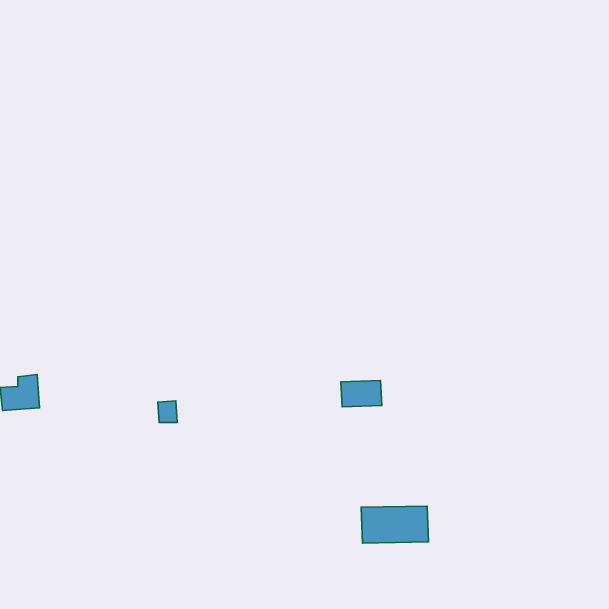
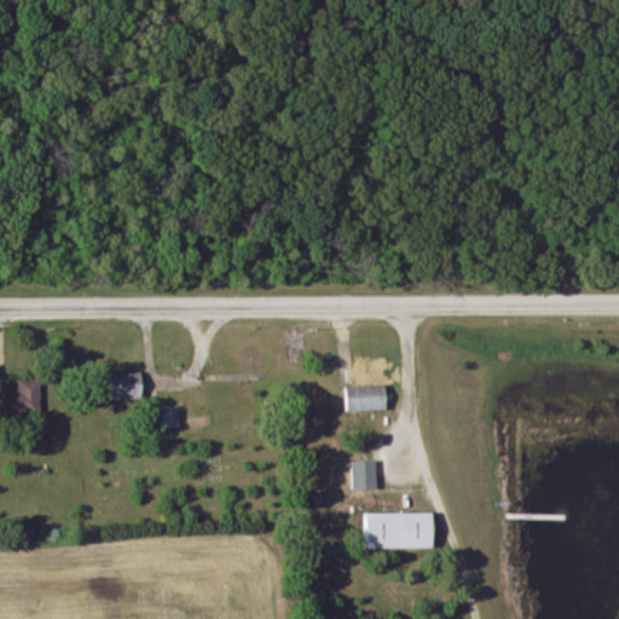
building: none -> [110,371,144,399]
building: none -> [351,461,376,488]

